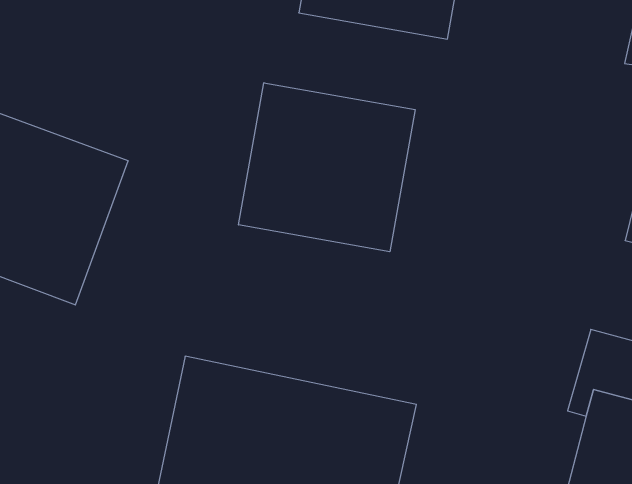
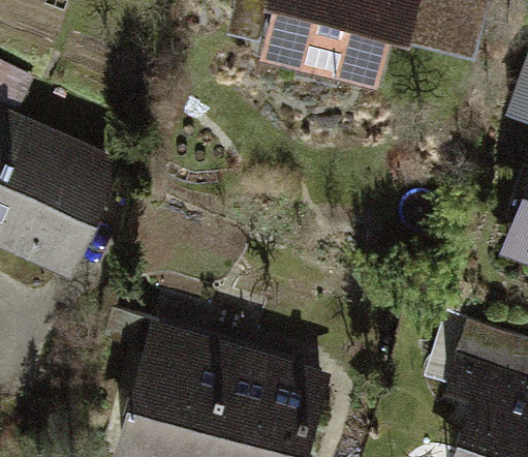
building: [239,83,415,252] -> none

